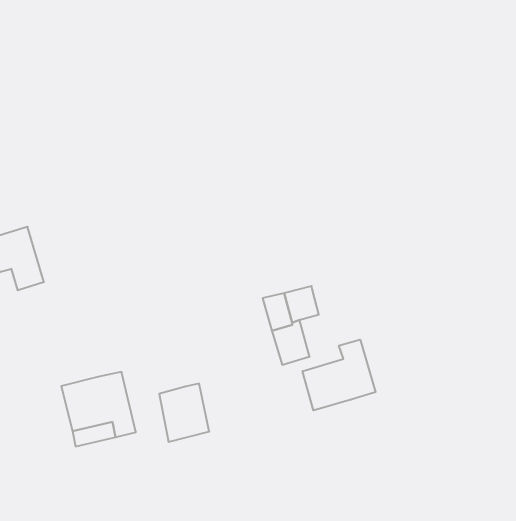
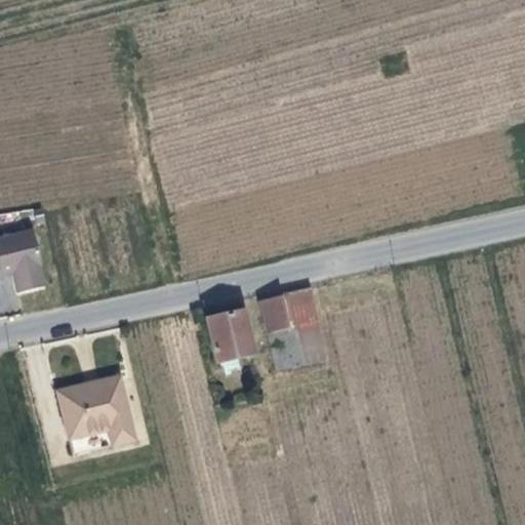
building: [303,340,376,410] -> none
building: [159,384,209,442] -> [196,307,246,365]

